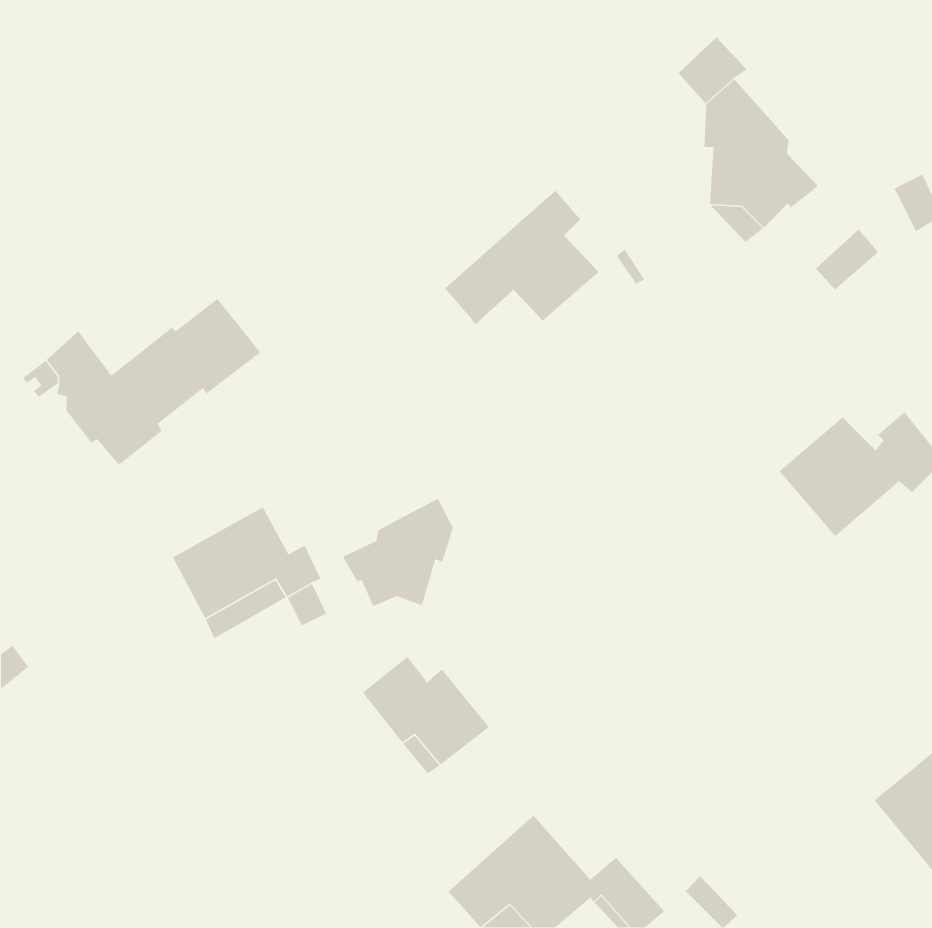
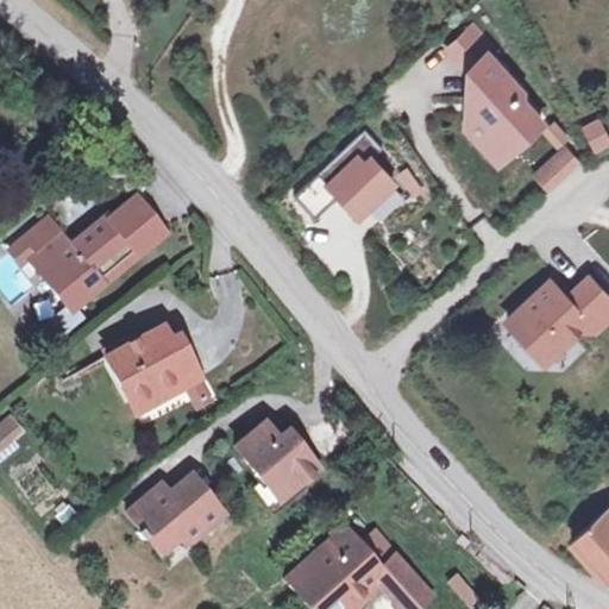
building: [342,498,454,607] -> none
building: none -> [128,479,226,557]

